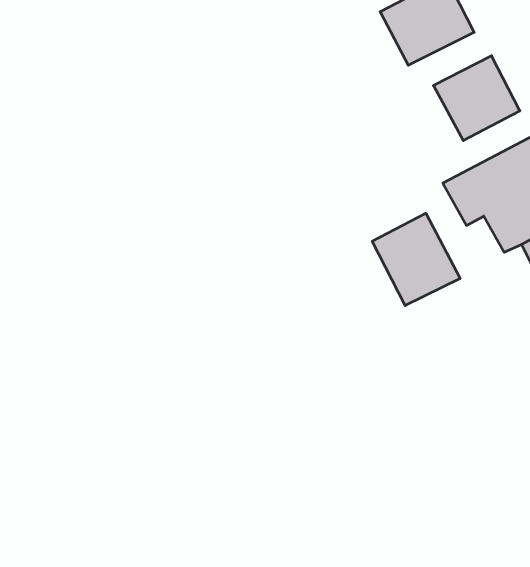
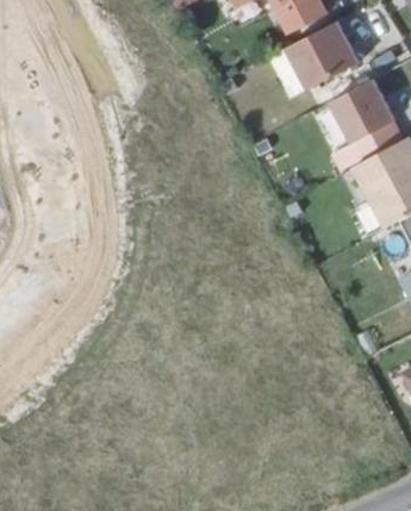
building: [372,213,460,306] -> none

